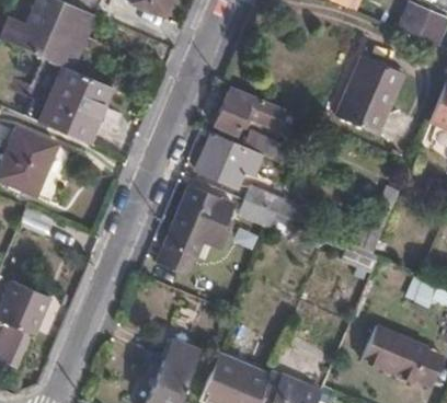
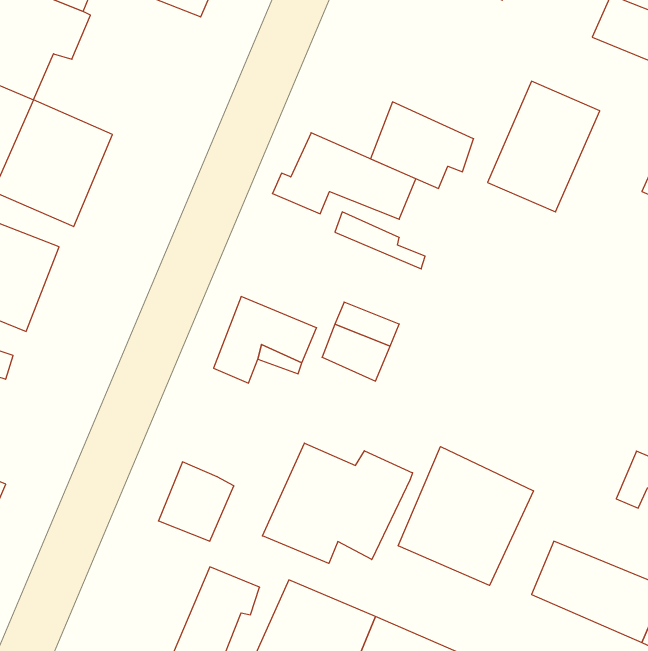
building: [196,134,257,185] -> [371,102,474,188]
building: [158,226,203,273] -> [158,462,234,541]
building: none -> [262,443,413,563]
building: none -> [398,447,533,585]

